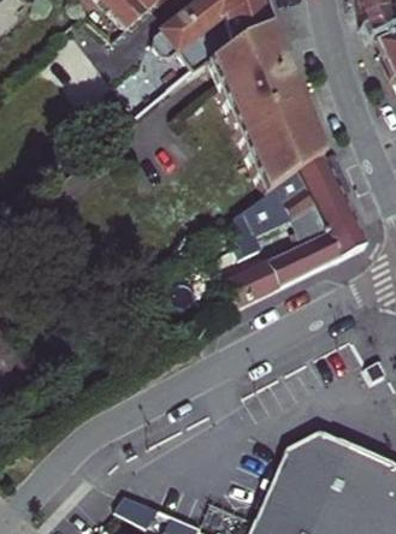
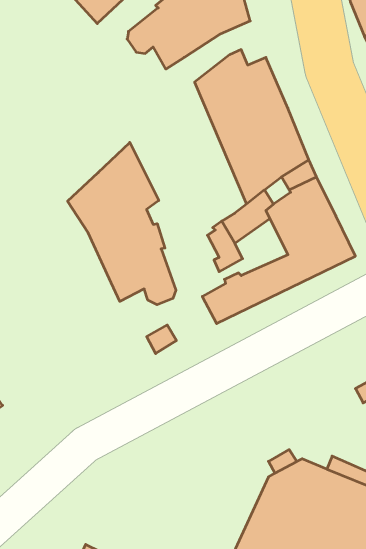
building: [208,25,284,82] -> none
building: none -> [68,142,176,305]

